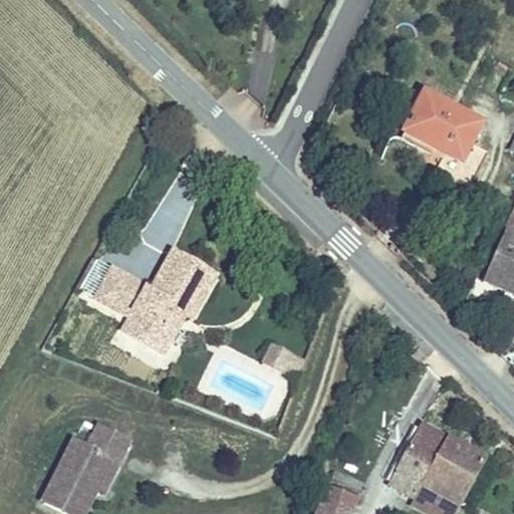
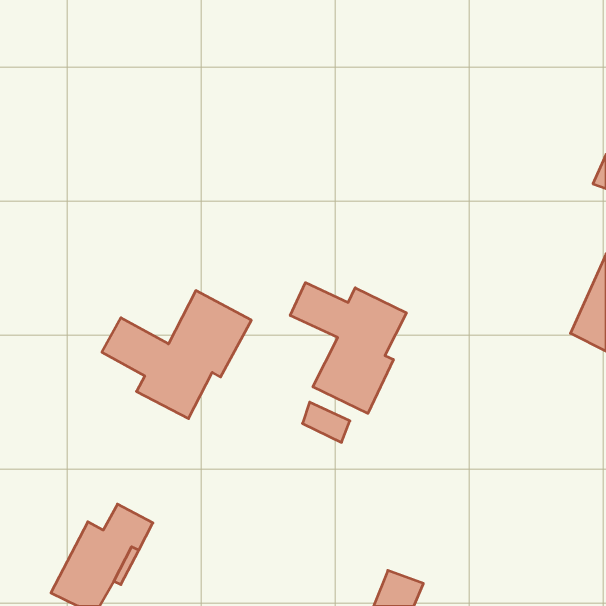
building: [408,85,482,166] -> none
building: none -> [290,283,406,413]
building: [386,425,482,504] -> none

